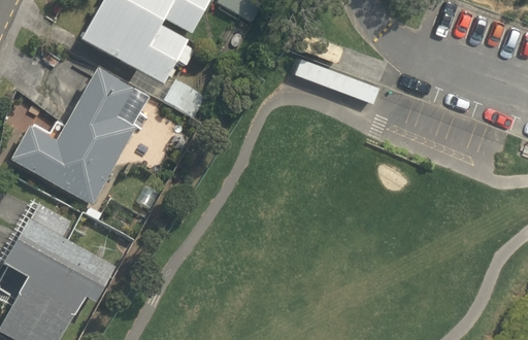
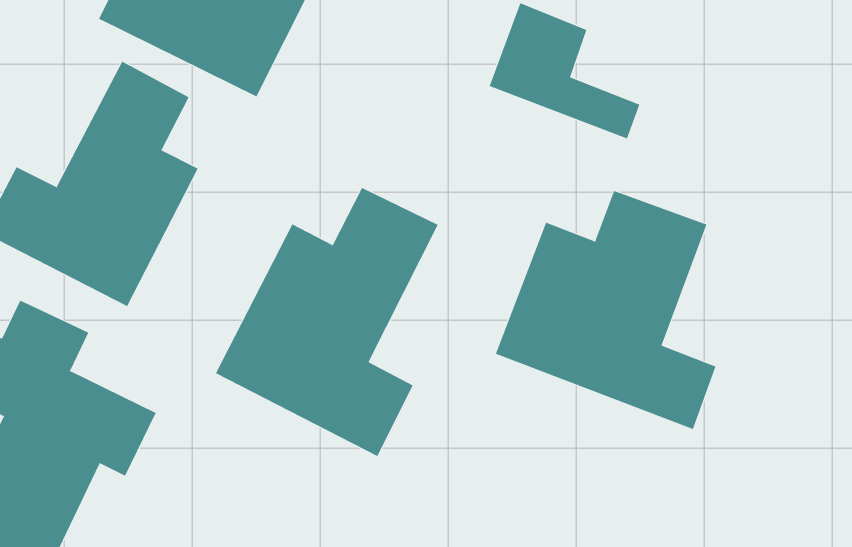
building: none -> [215,187,439,457]
building: none -> [495,190,716,430]

